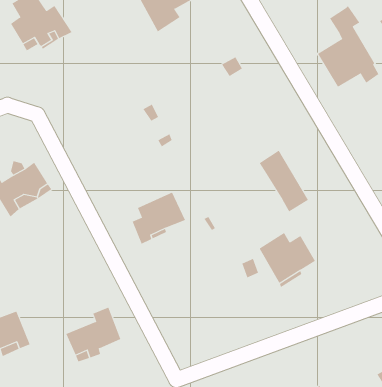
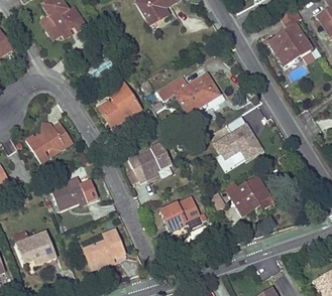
building: none -> [157,73,219,114]
building: none -> [98,84,140,129]
building: none -> [214,131,243,160]
building: none -> [49,177,97,209]
building: none -> [159,197,199,232]

